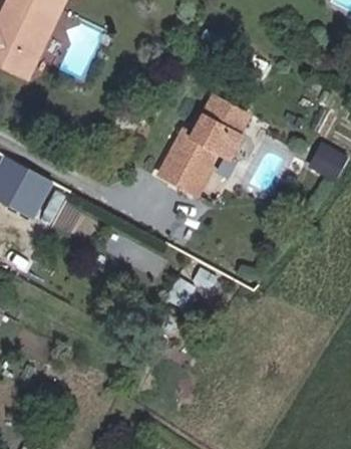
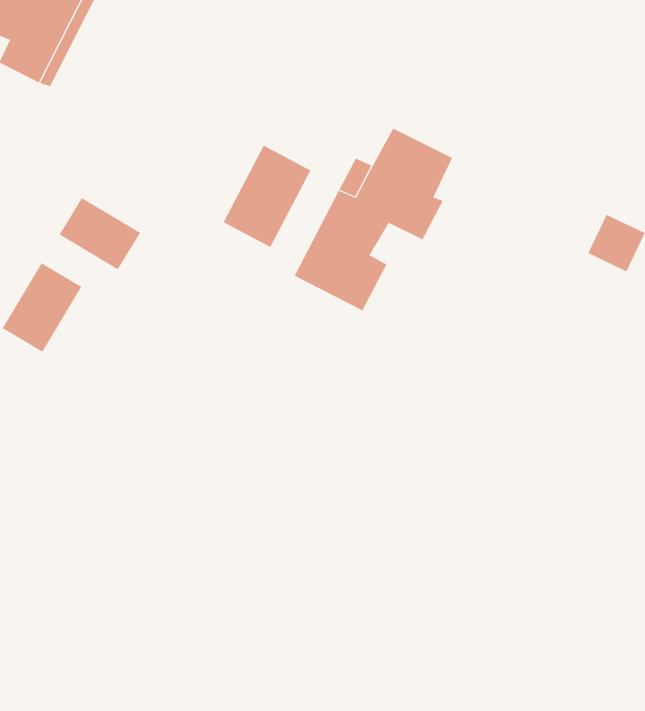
building: none -> [223,145,311,248]
building: none -> [59,197,141,270]

